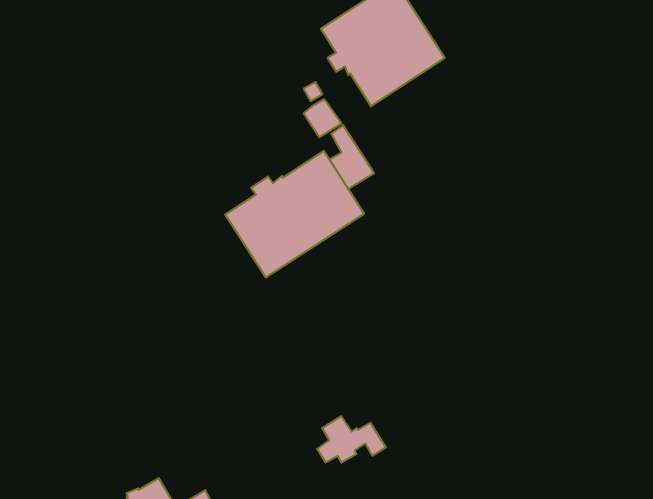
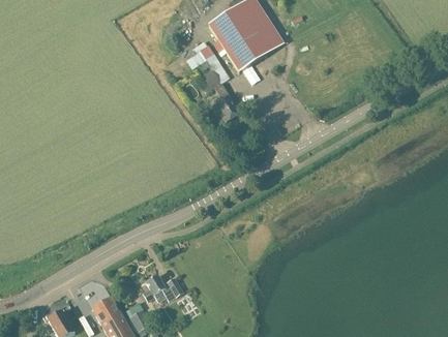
building: [225,151,364,278] -> none
building: [317,416,386,463] -> [142,273,183,301]

